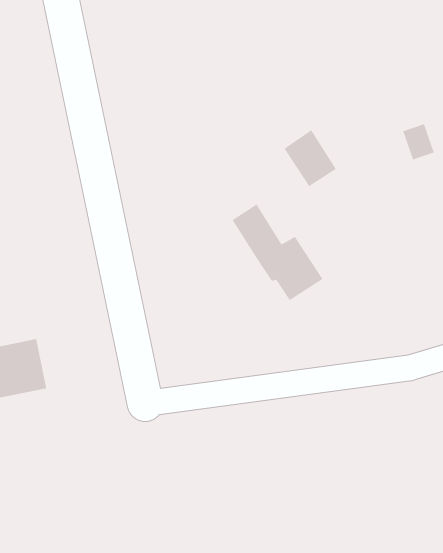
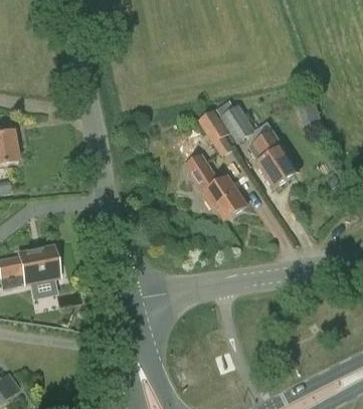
building: none -> [198,109,233,155]
building: none -> [257,131,301,187]

